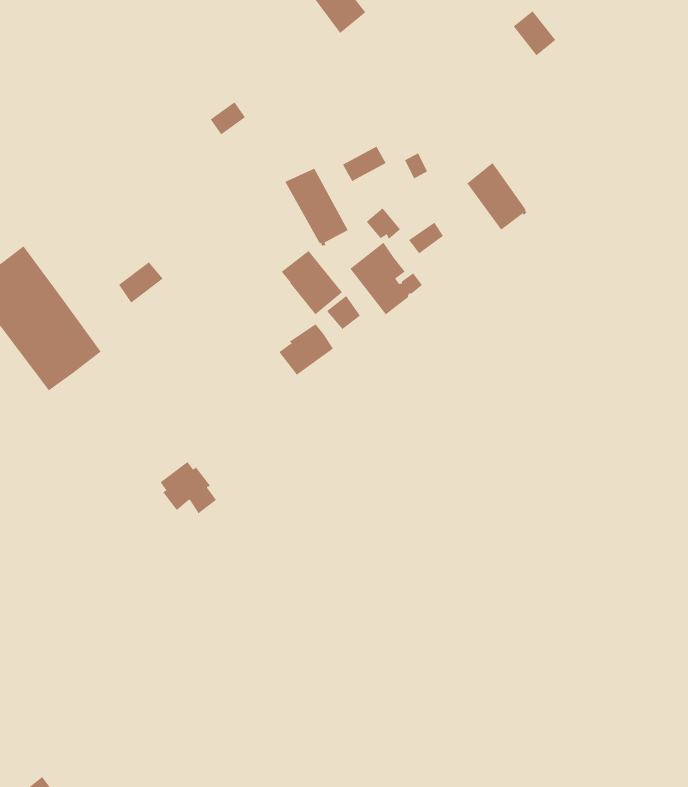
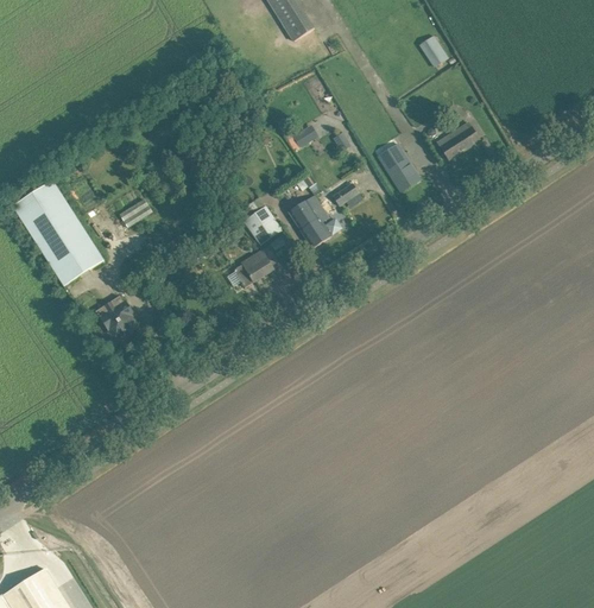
building: none -> [438,122,480,160]
building: [285,168,348,246] -> none
building: [157,461,217,514] -> [96,296,139,335]

